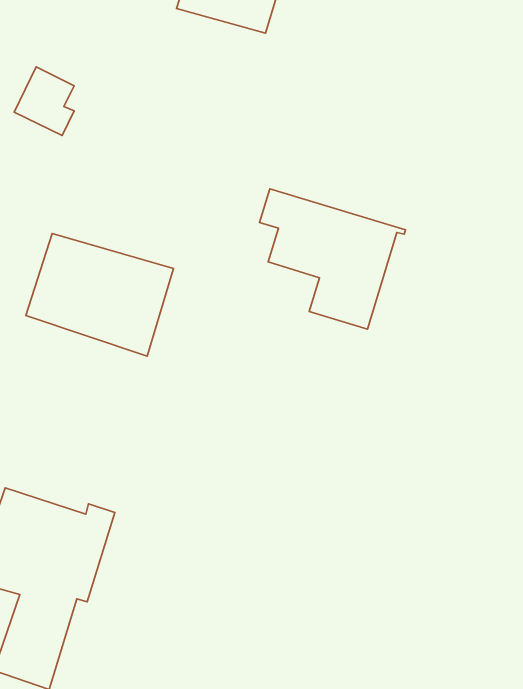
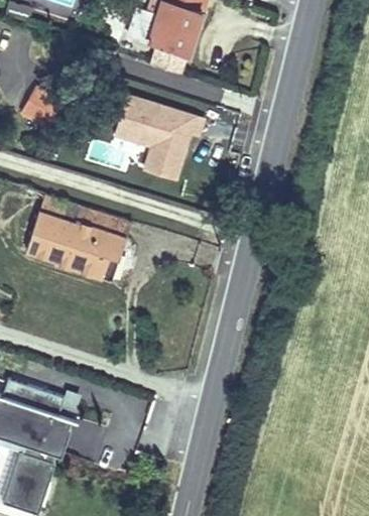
building: [259,189,406,329] -> [104,85,205,181]

